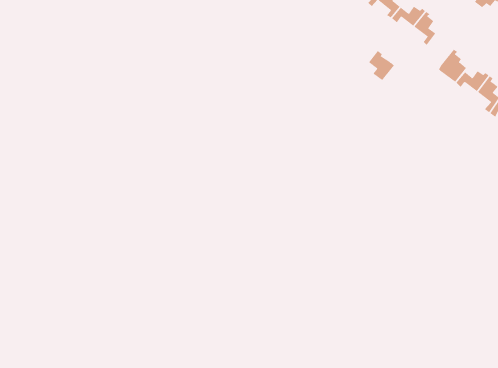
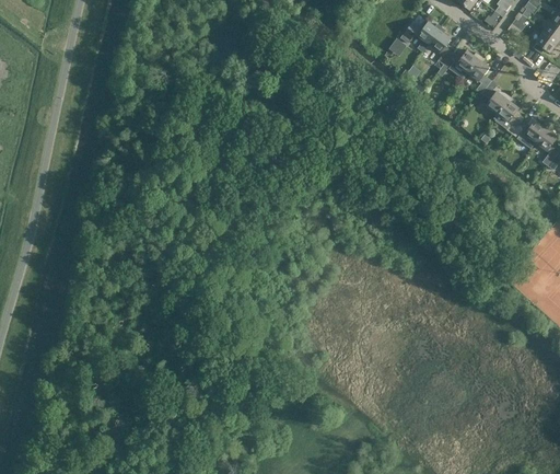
building: [368,50,395,81] -> [481,80,510,113]

